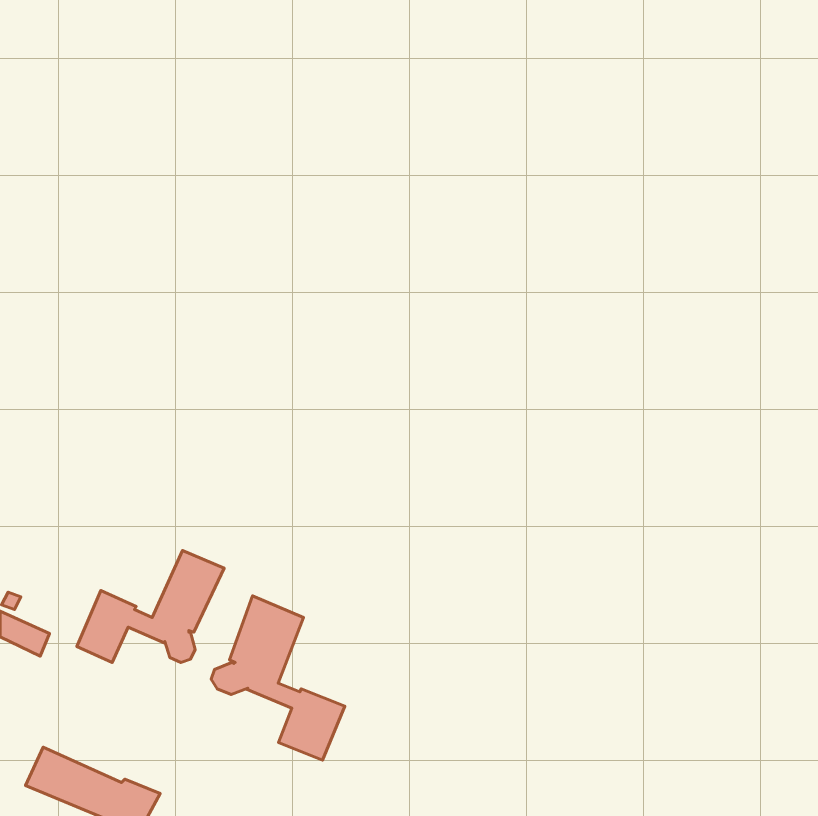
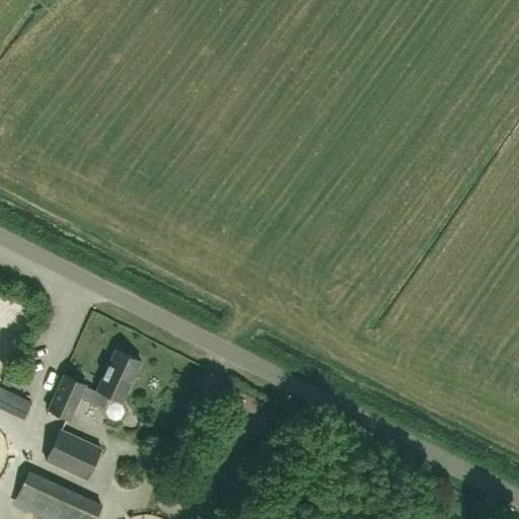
building: [211,596,345,760] -> none
building: none -> [46,428,103,480]

